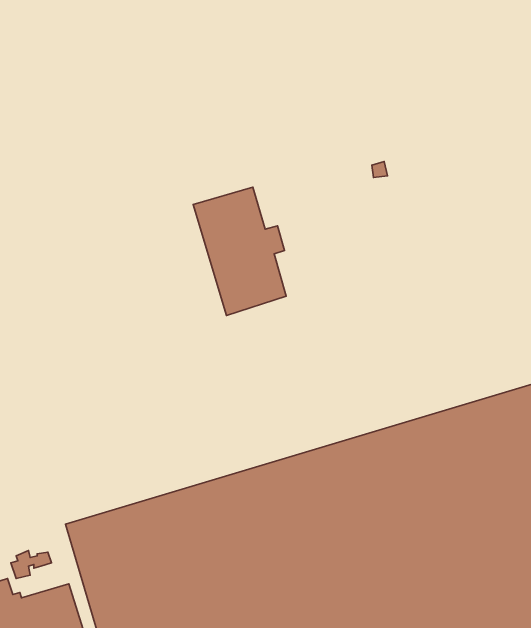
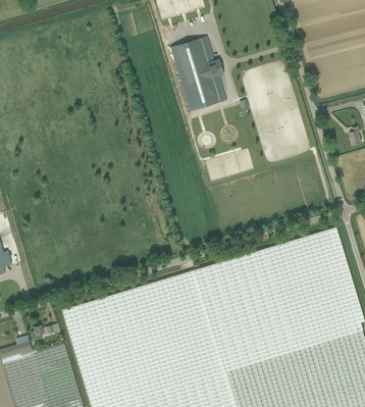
building: [193,187,286,315] -> [170,38,224,112]

